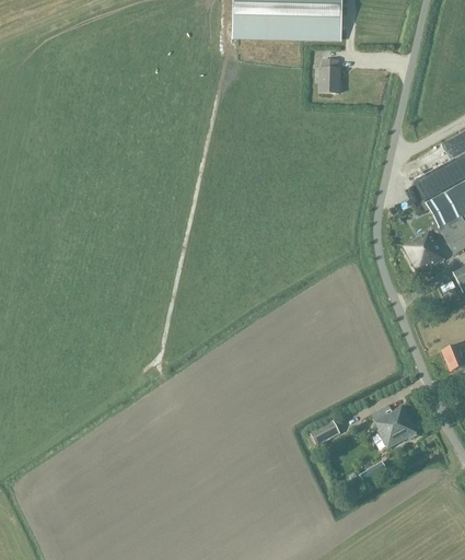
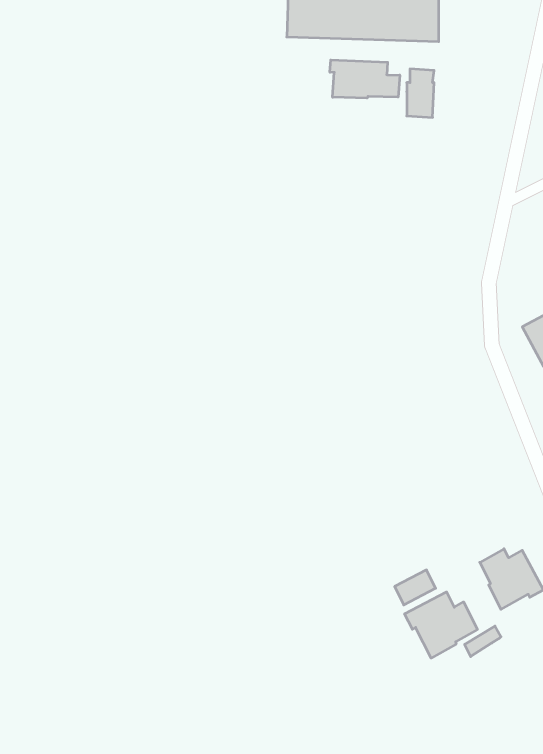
building: none -> [330,60,400,98]
building: none -> [405,592,477,658]

